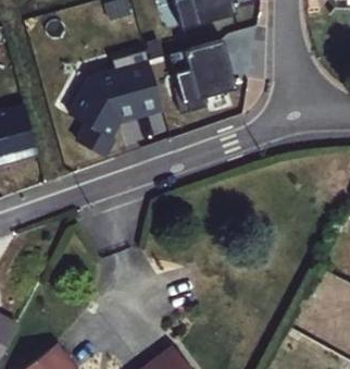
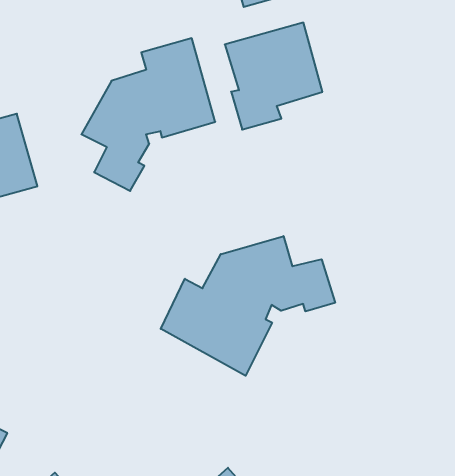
building: none -> [161,236,335,376]

